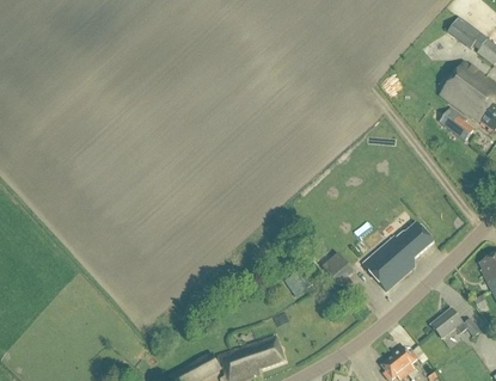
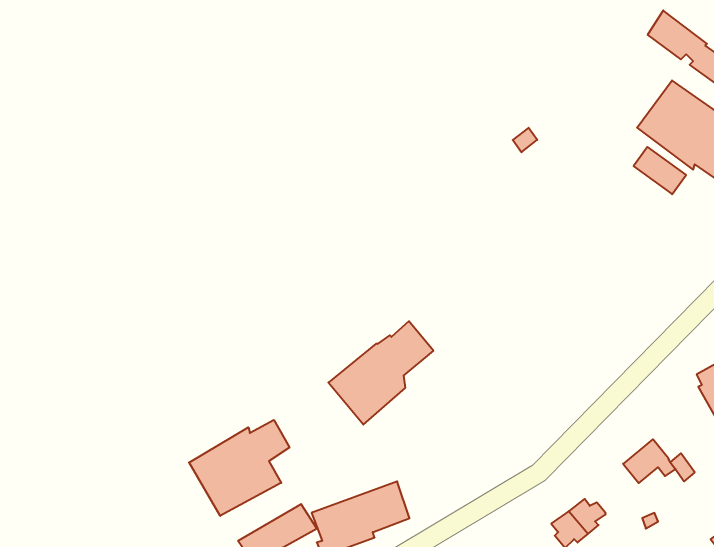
building: [363,221,435,291] -> [328,321,433,425]
building: [322,251,354,284] -> none
building: none -> [189,420,289,516]

